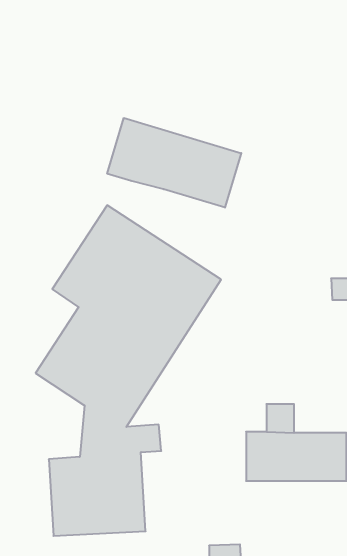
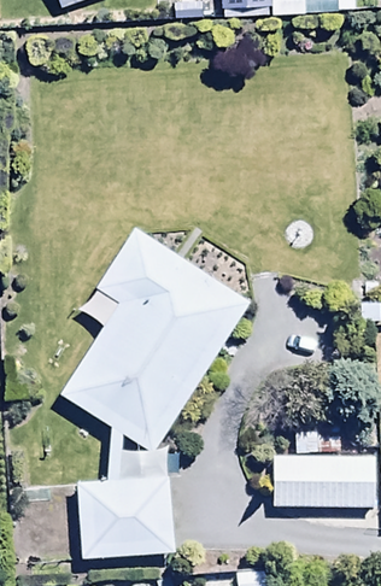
building: [107,118,241,208] -> none

